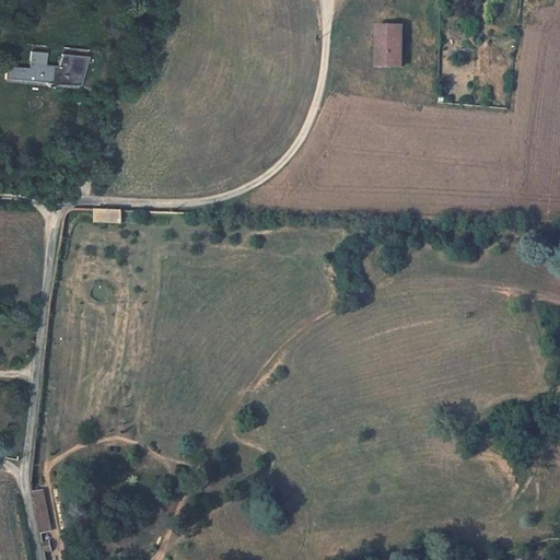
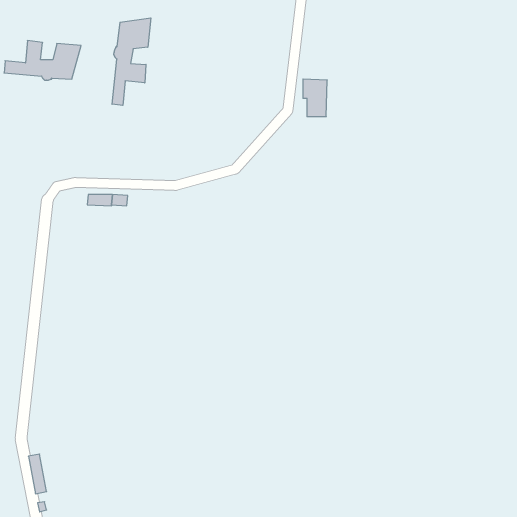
building: none -> [112,18,151,105]
building: [376,26,402,67] -> [303,79,327,117]

